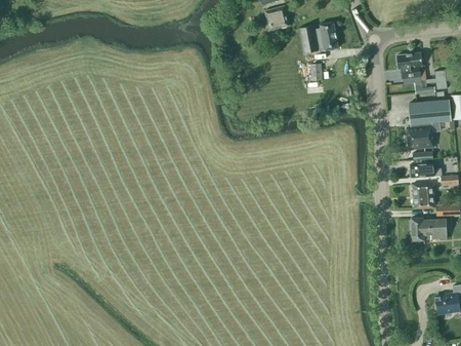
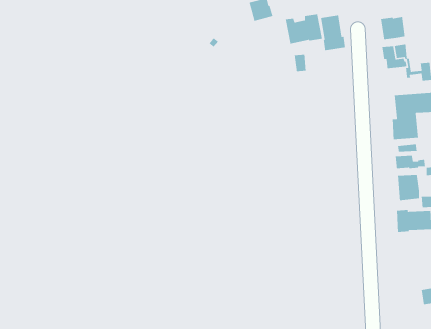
building: none -> [320,14,346,51]
building: none -> [380,16,406,40]

